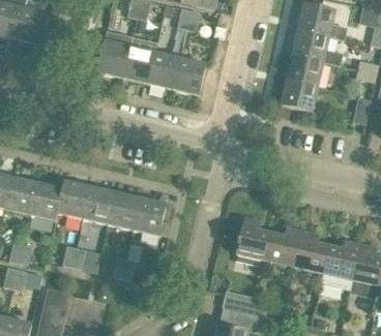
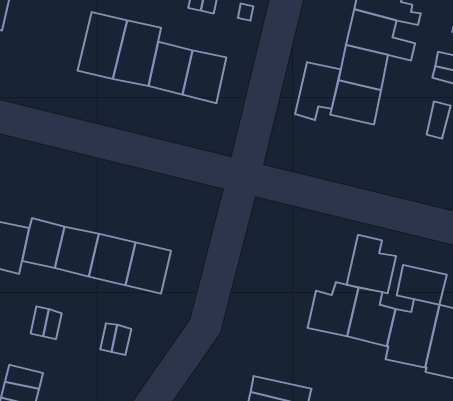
building: none -> [295,62,341,120]
building: none -> [397,265,447,305]
building: [234,217,270,259] -> [347,235,396,293]

